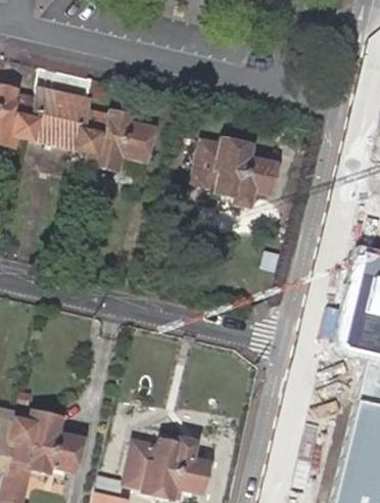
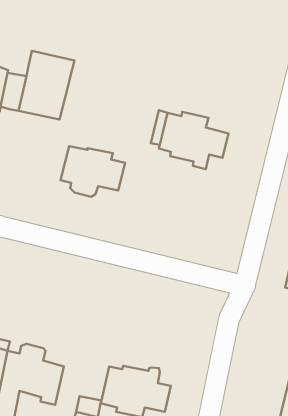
building: [78,110,153,170] -> [61,146,125,197]

